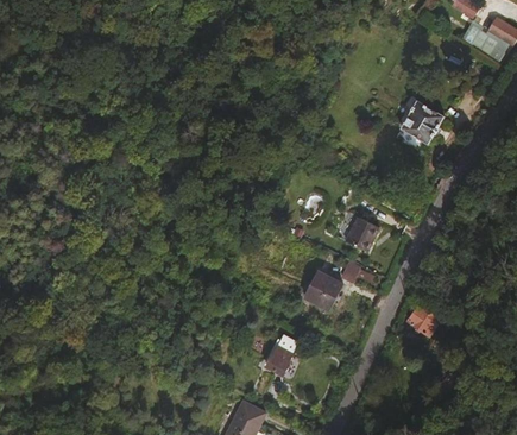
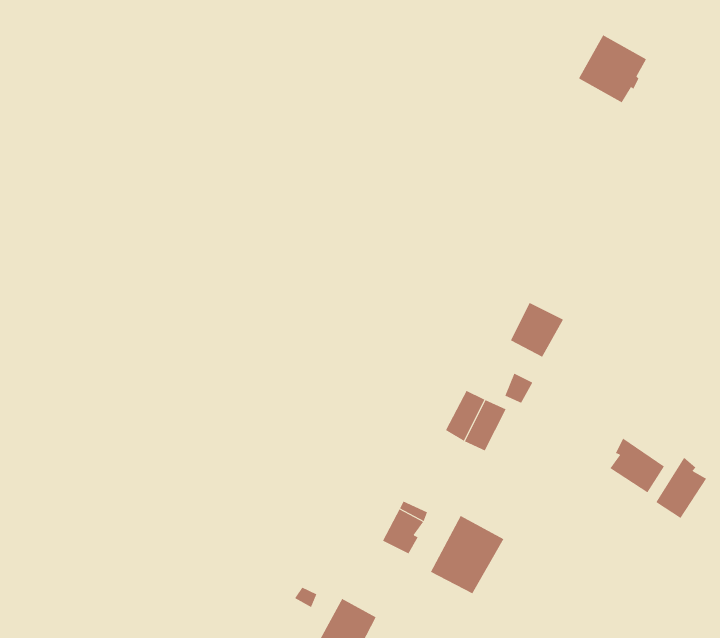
building: [402,101,445,144] -> [578,34,647,103]
building: none -> [656,457,707,519]
building: none -> [430,515,504,594]

